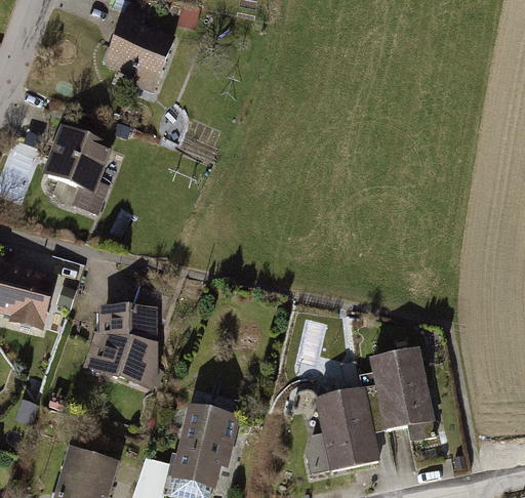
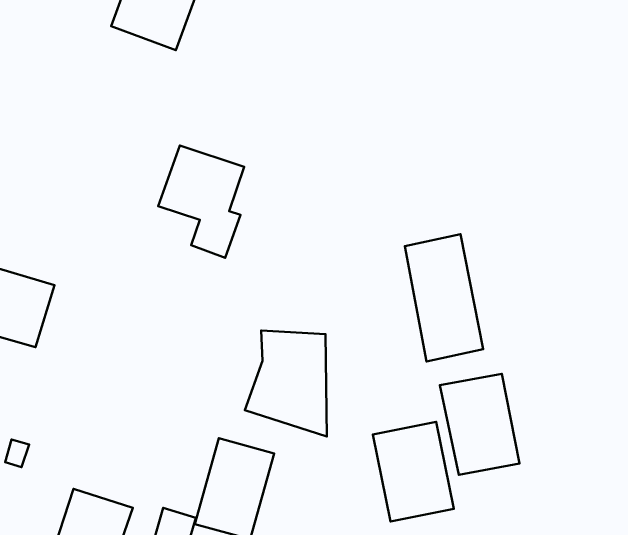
building: [42,125,112,216] -> [158,145,244,258]
building: none -> [405,234,483,362]
building: [89,302,156,388] -> [245,330,327,437]

